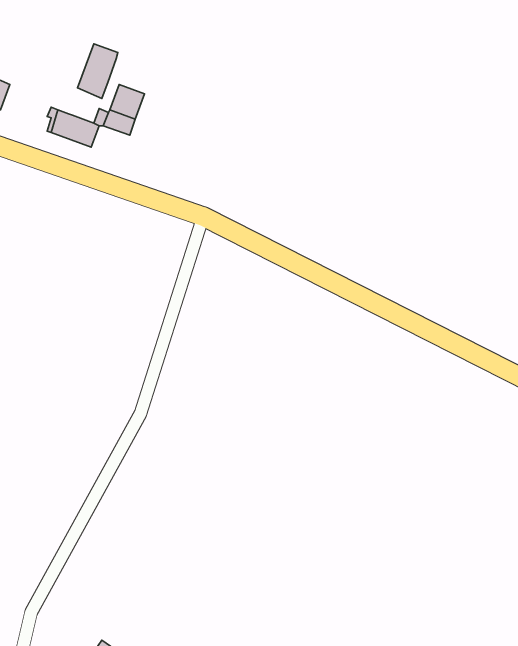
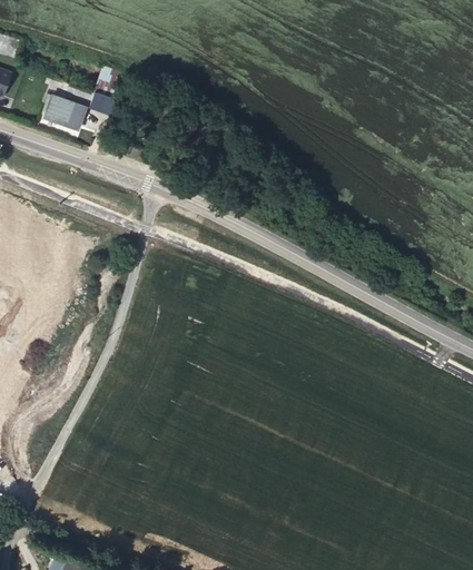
building: [78,44,118,99] -> none

